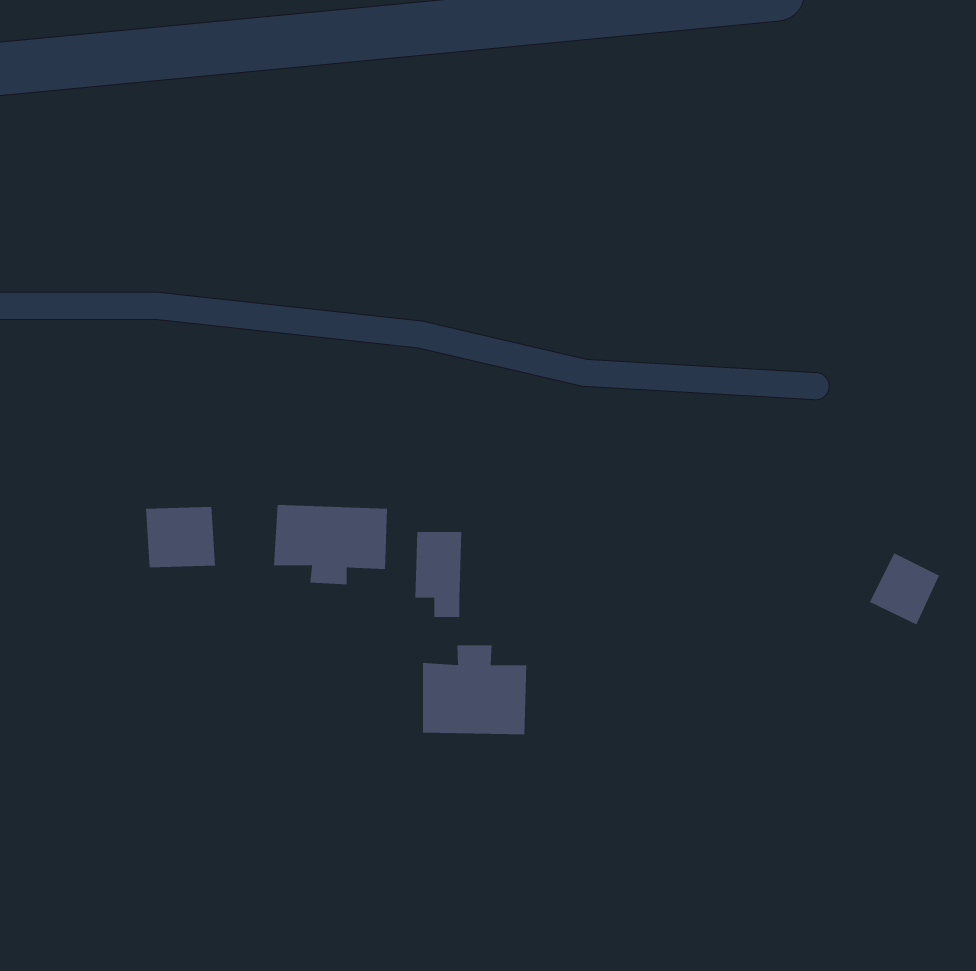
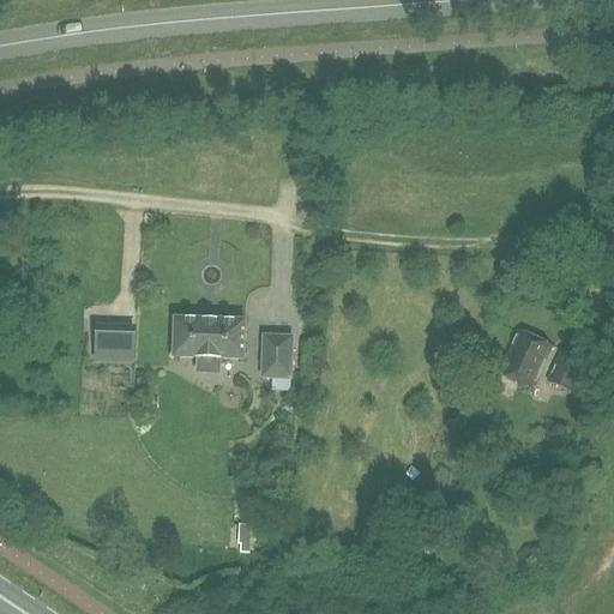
building: none -> [499,329,550,386]
building: [422,645,527,735] -> none

